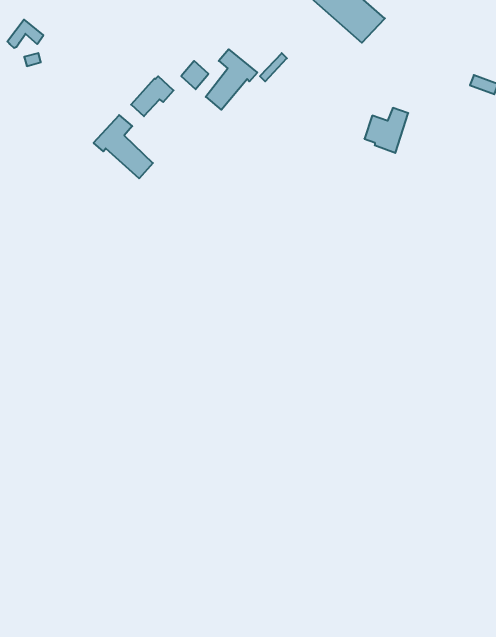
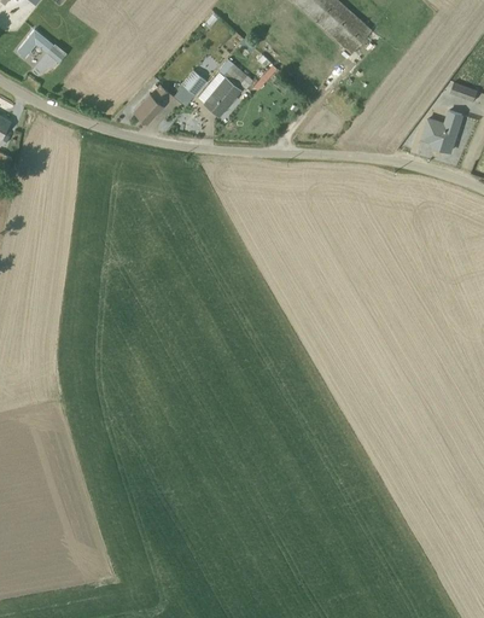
building: [364,108,408,153] -> [424,110,465,152]
building: [94,115,153,178] -> none

